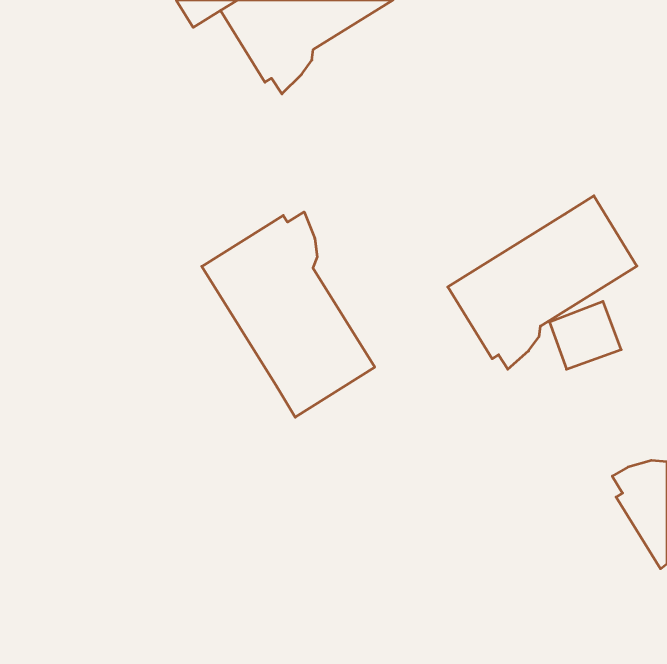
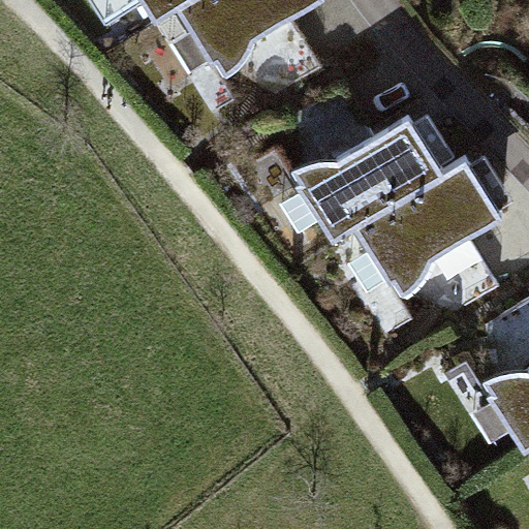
building: none -> [294,114,447,243]
building: [202,212,375,417] -> none

